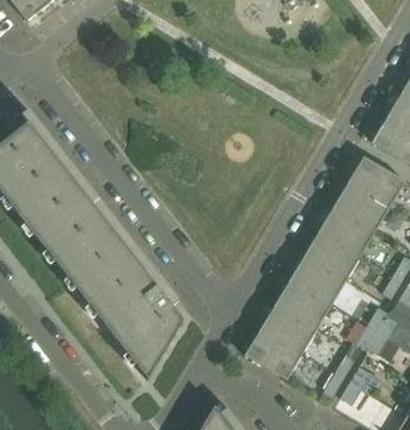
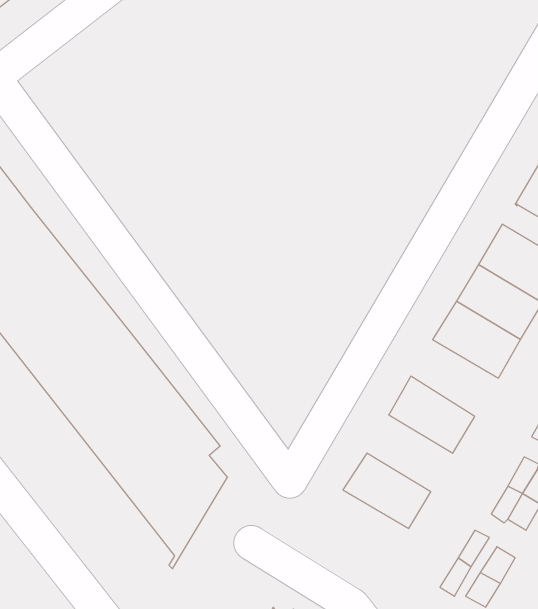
building: [302,233,360,283] -> none
building: [274,282,330,332] -> none
building: [243,331,301,382] -> none

